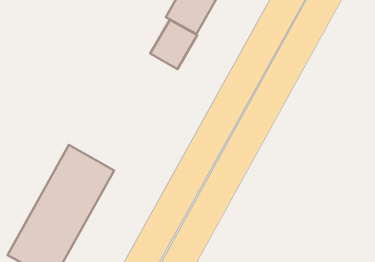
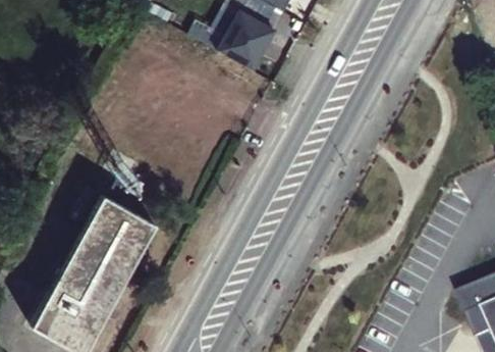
building: [150,20,197,69] -> none

